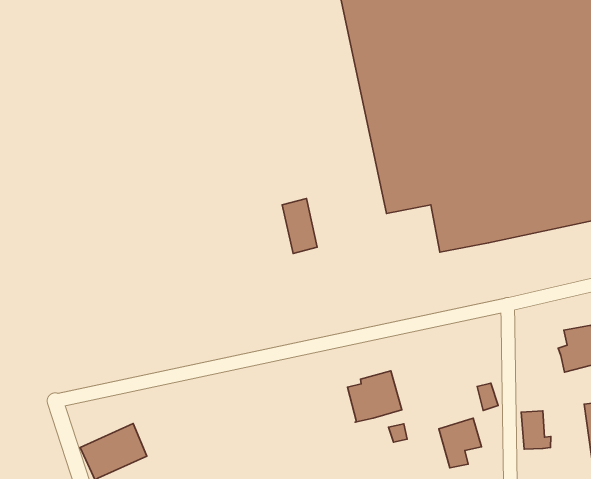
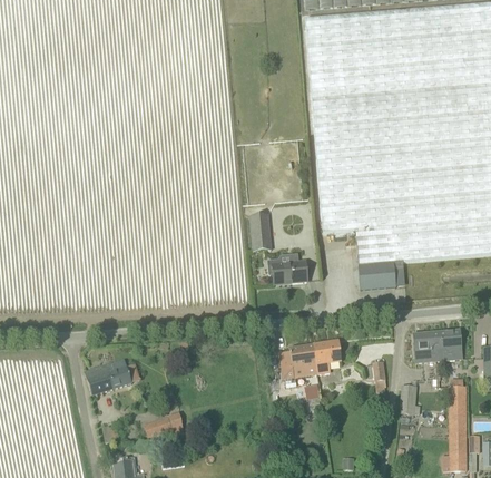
building: none -> [357,261,395,289]
building: none -> [267,258,306,283]
building: none -> [412,330,440,361]
building: [439,418,482,468] -> [312,339,341,372]

